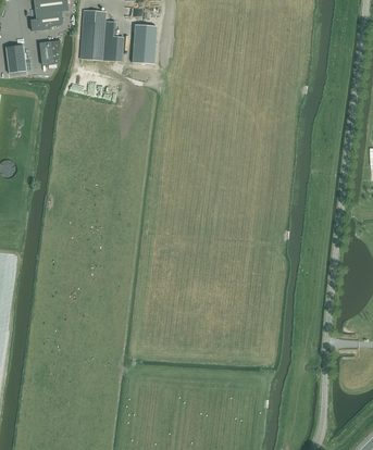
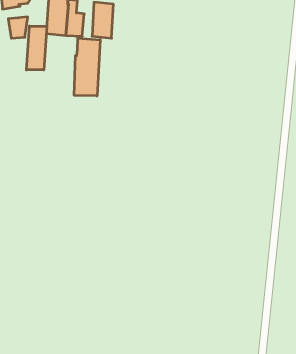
building: none -> [26,26,47,70]
building: none -> [74,38,100,96]

